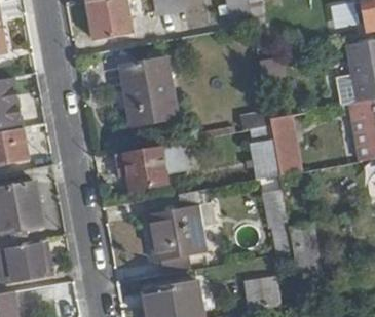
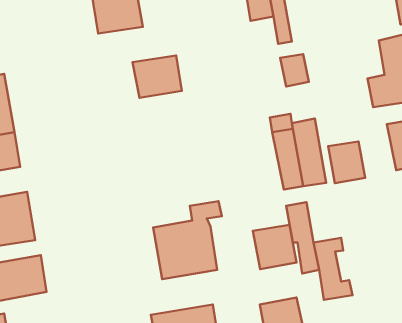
building: [126,91,174,125] -> none
building: none -> [328,142,365,183]
building: [123,141,185,189] -> none
building: none -> [253,225,297,269]

